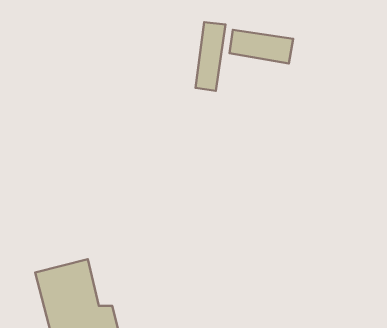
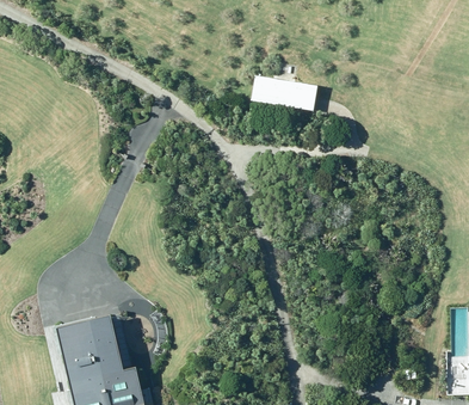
building: [196,22,226,91] -> none

